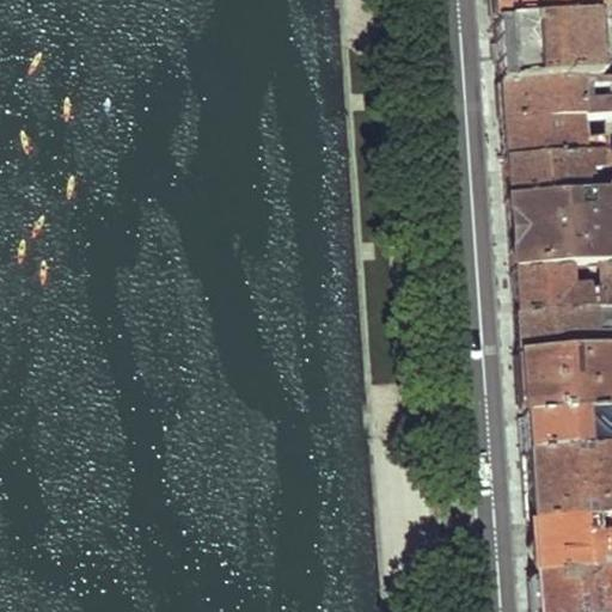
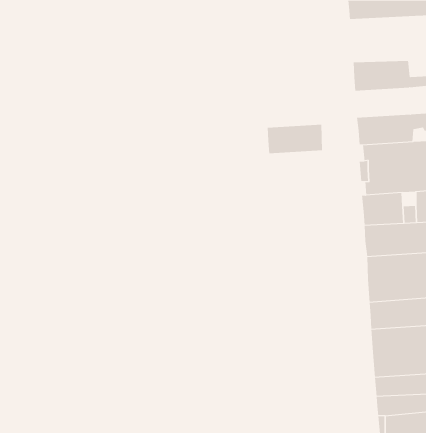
building: [503,26,600,91] -> none
building: [510,127,589,169] -> [267,124,323,154]

